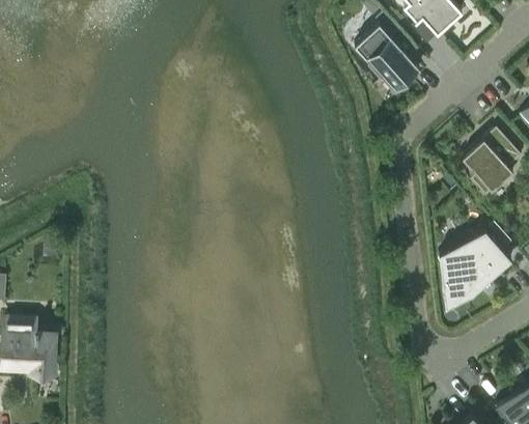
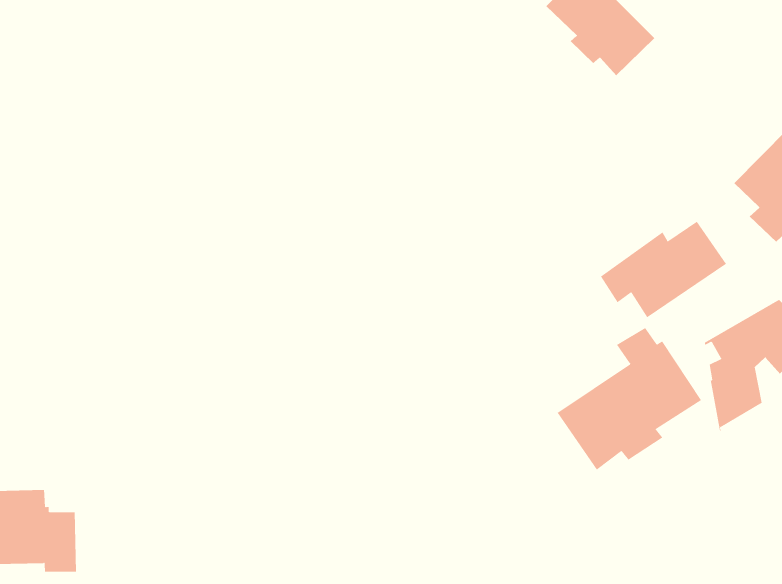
building: none -> [600,221,727,318]
building: none -> [557,327,702,470]

